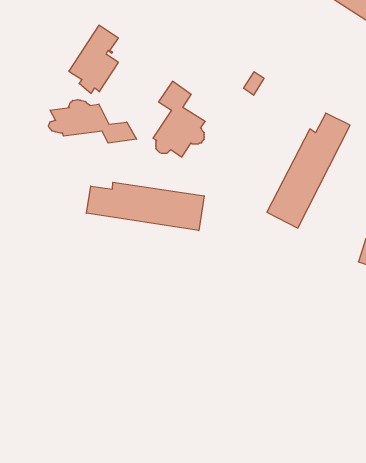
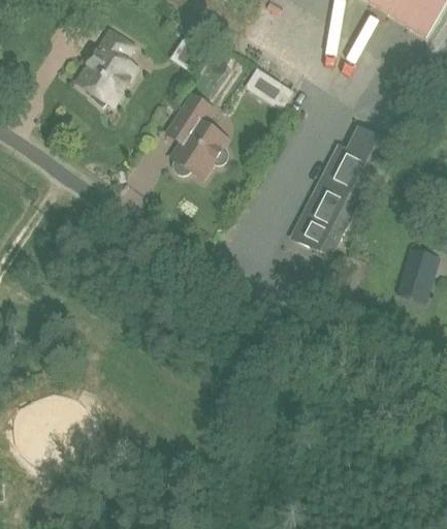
building: [48,100,137,143] -> none
building: [86,182,204,231] -> none

